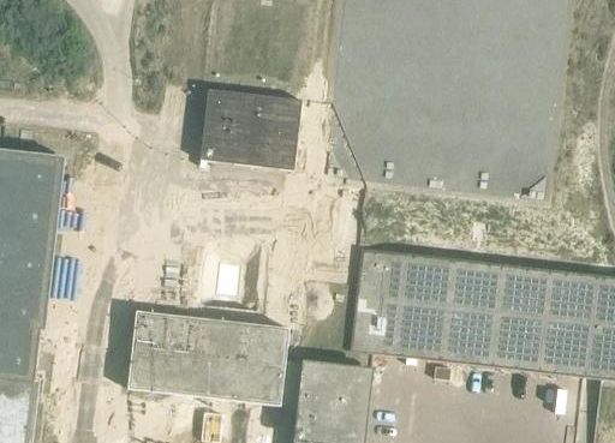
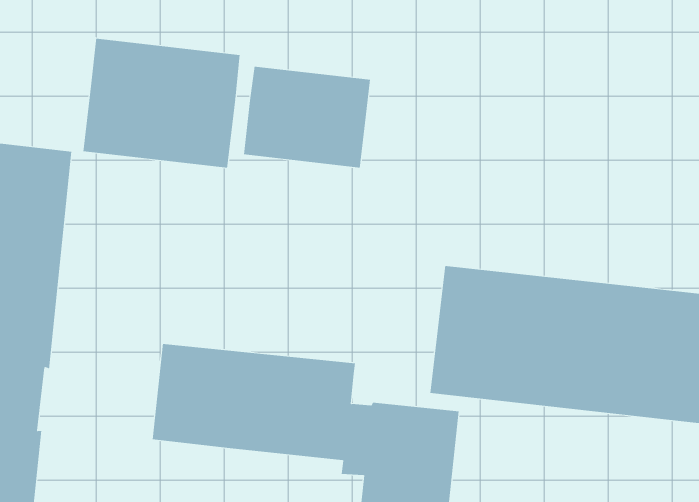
building: none -> [83,38,240,168]

